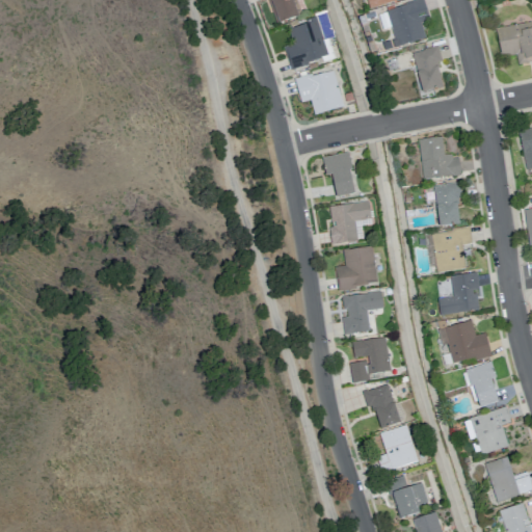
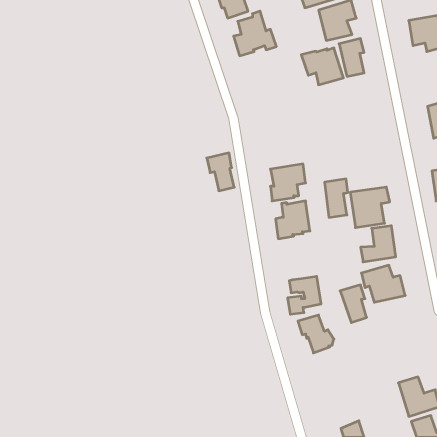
building: [294,68,345,112] -> [301,48,343,85]
building: [419,138,461,179] -> none
building: [322,150,355,195] -> [207,153,234,191]
building: [434,182,462,229] -> [325,179,348,217]
building: [343,289,383,332] -> none
building: [467,364,499,409] -> [340,285,367,323]
building: [471,407,512,452] -> none
building: [379,423,419,467] -> none
building: [385,473,428,516] -> none

